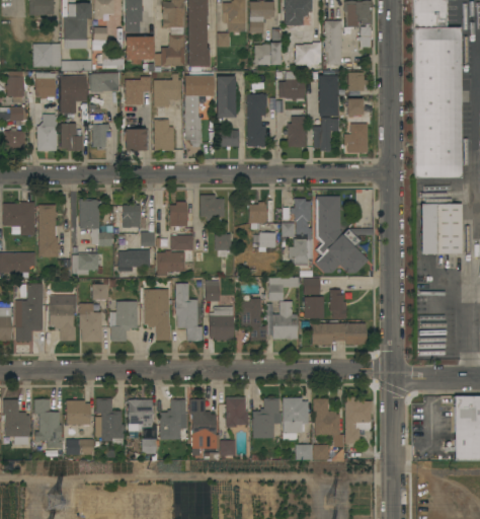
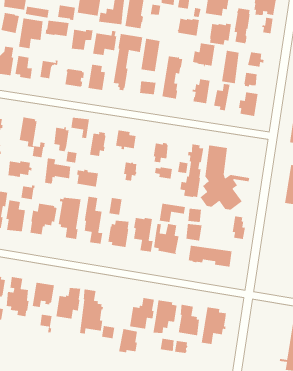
building: [171,234,193,260] -> [70,117,90,139]
building: [330,289,346,317] -> [232,216,246,240]
building: [226,396,248,427] -> [118,328,138,353]

